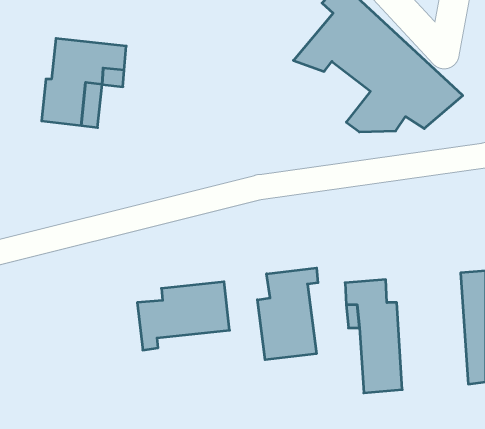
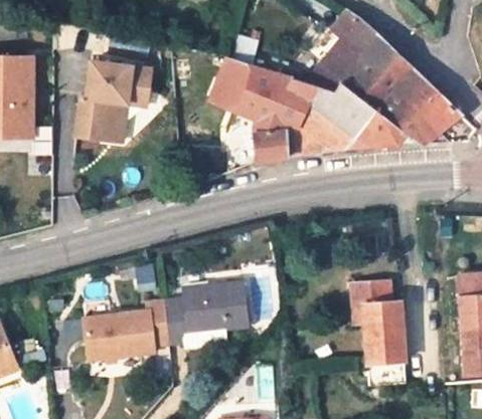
building: none -> [208,56,375,162]
building: [257,268,318,360] -> none
building: none -> [85,302,167,361]

